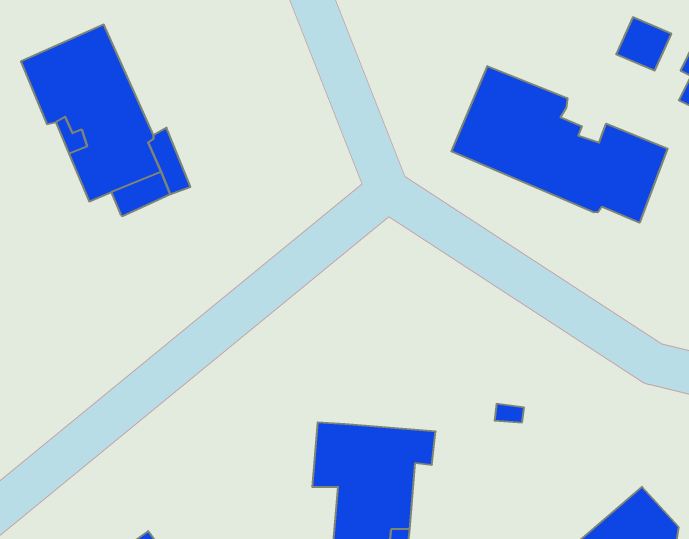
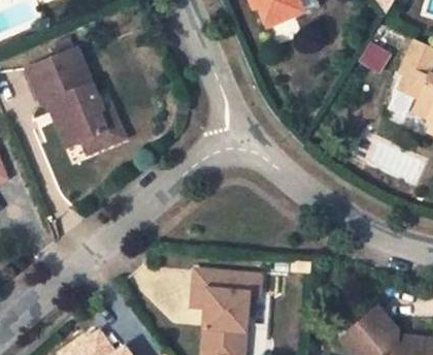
building: [451,66,668,223] -> none

